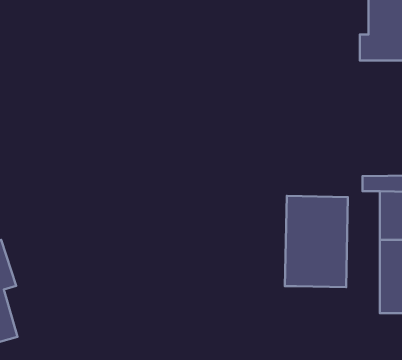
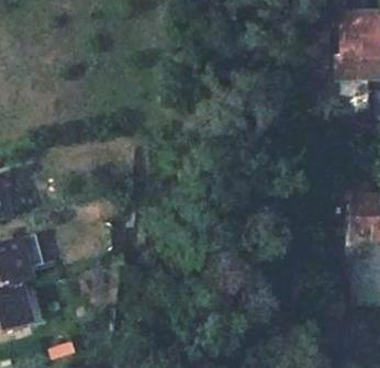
building: [285,196,348,287] -> none

